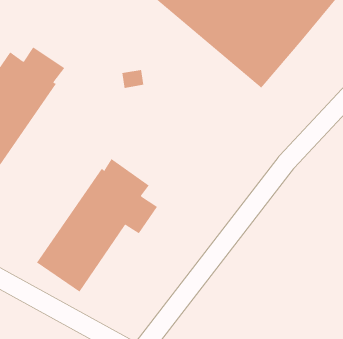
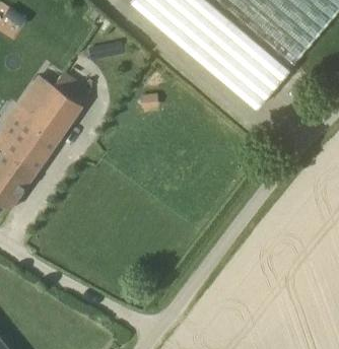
building: [36,158,158,293] -> none

